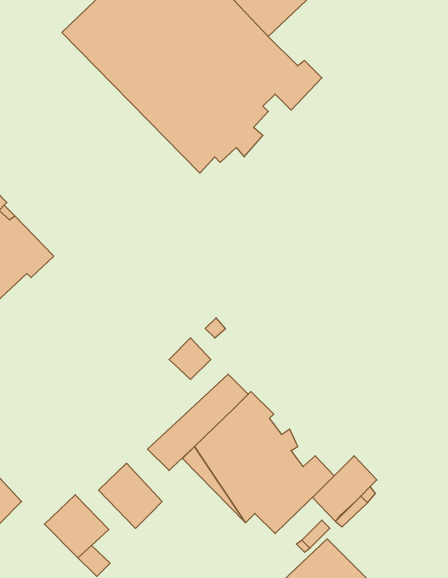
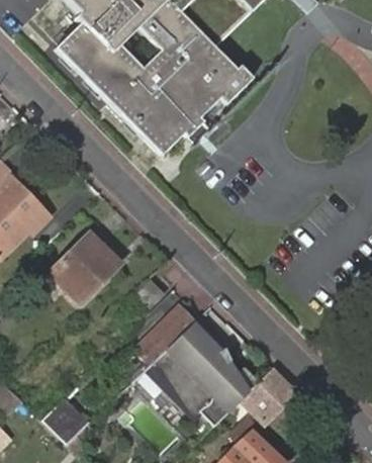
building: none -> [48,228,120,300]
building: [99,463,162,528] -> none

